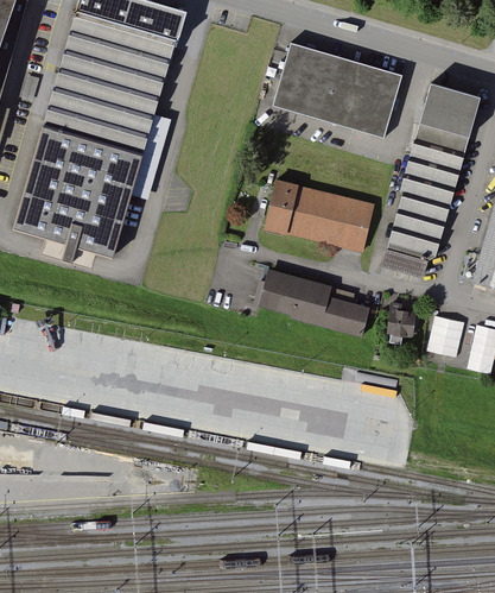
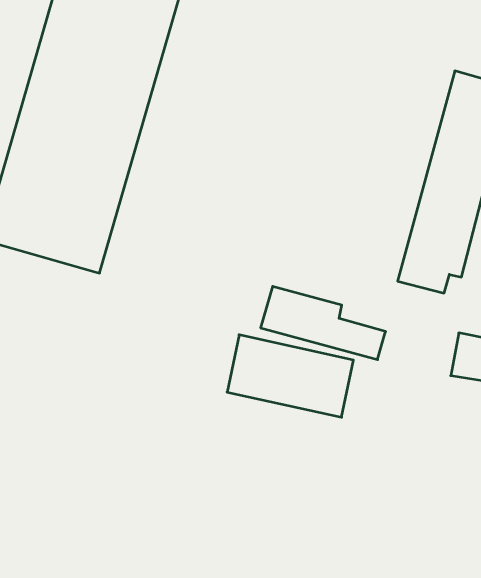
building: [271,42,402,139] -> none
building: [262,179,375,253] -> [227,335,353,417]
building: [388,303,418,333] -> none

